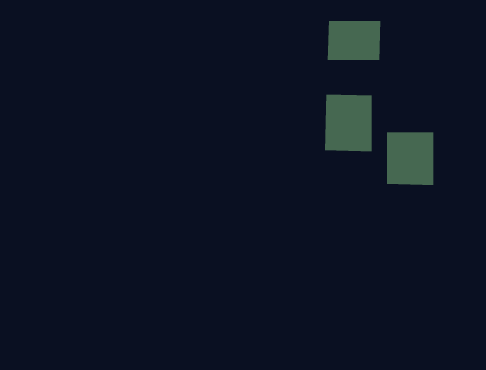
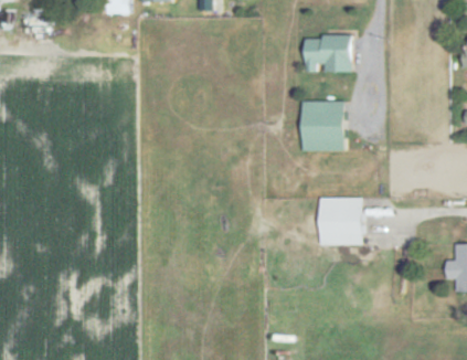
building: [386,131,434,186] -> [321,198,363,245]

